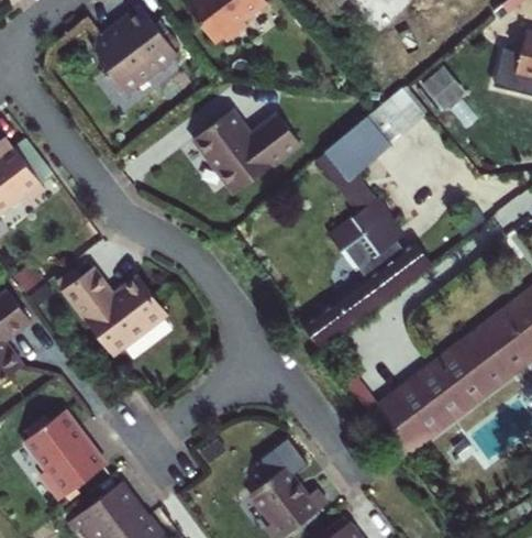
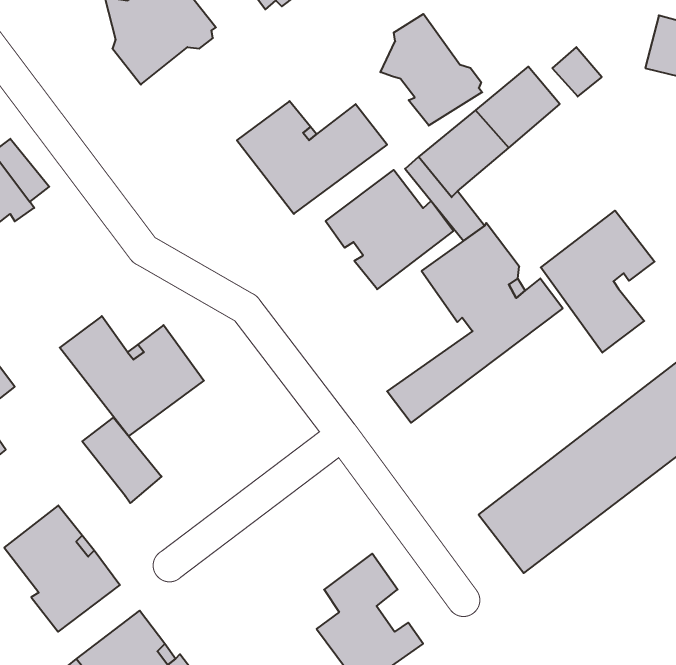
building: none -> [380,14,482,126]
building: none -> [326,170,453,289]
building: none -> [541,211,655,353]
building: none -> [82,417,162,503]

